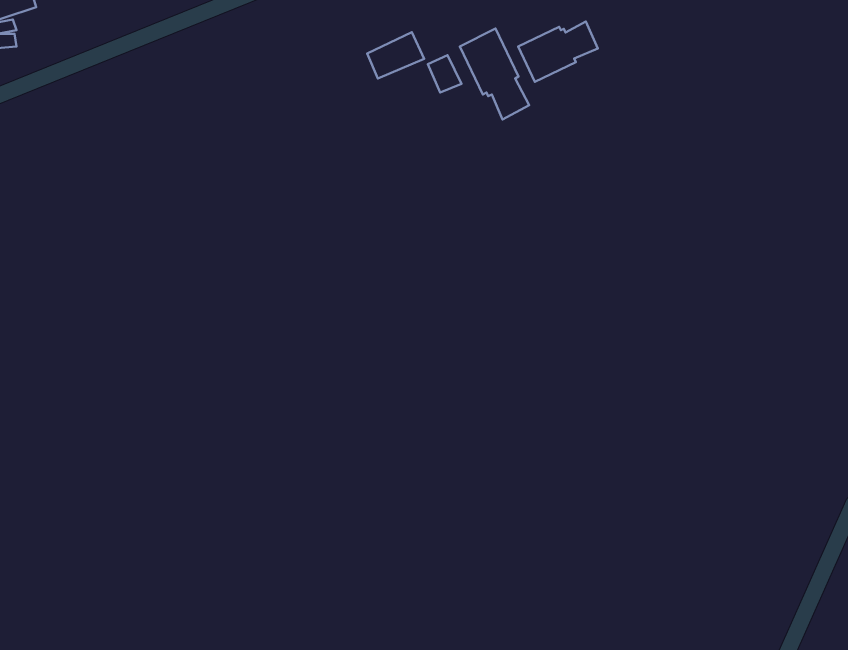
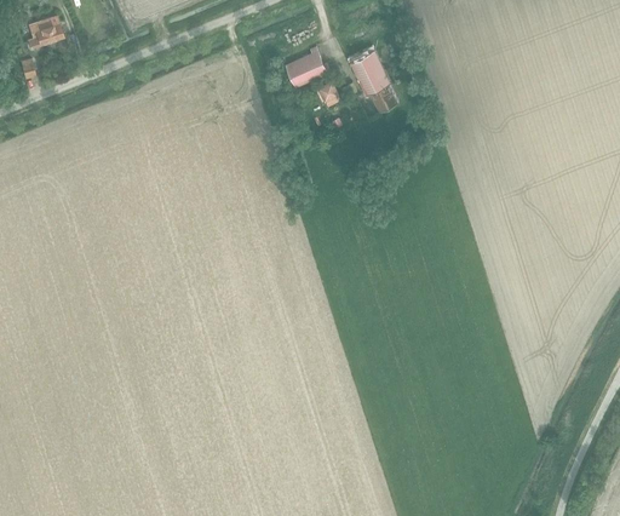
building: [518,21,598,82] -> none

